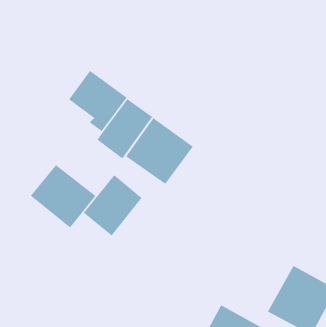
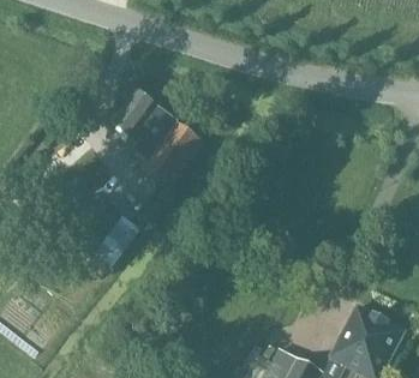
building: [125,117,194,185] -> none
building: [83,174,143,236] -> none

